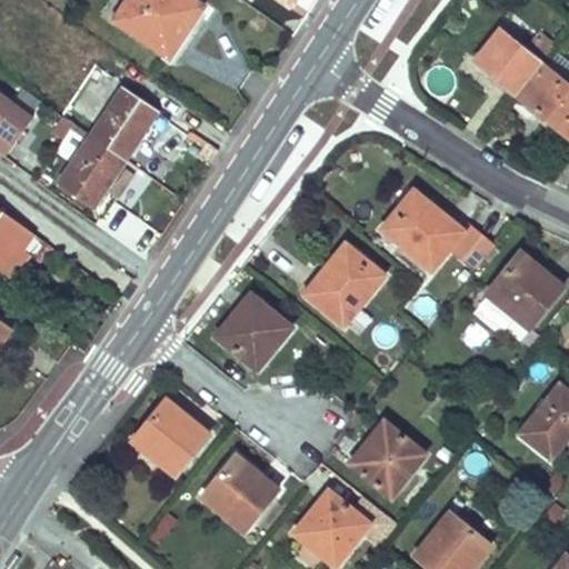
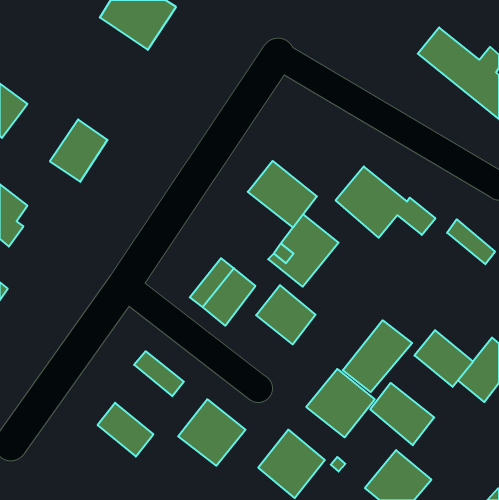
building: [89,88,154,159] -> none
building: none -> [248,161,317,227]
building: [485,264,551,329] -> [414,330,473,387]
building: none -> [256,285,316,344]
building: none -> [343,320,412,392]
building: [132,415,196,476] -> [98,403,153,457]
building: none -> [370,383,434,445]

